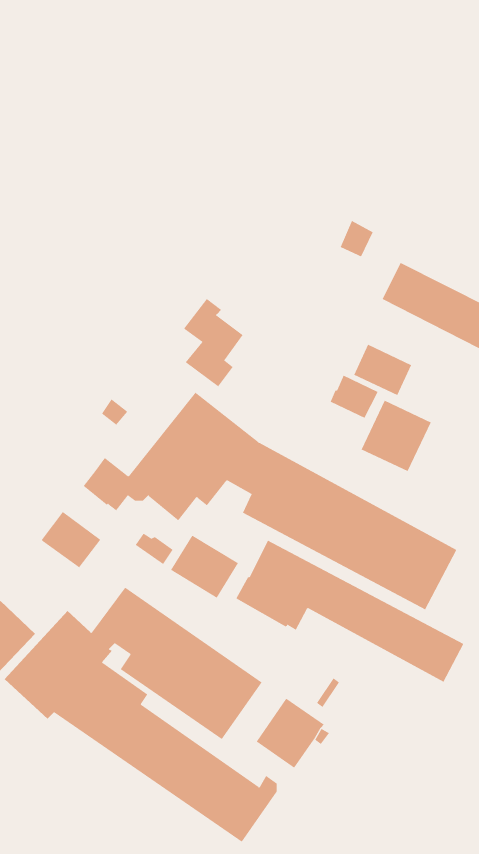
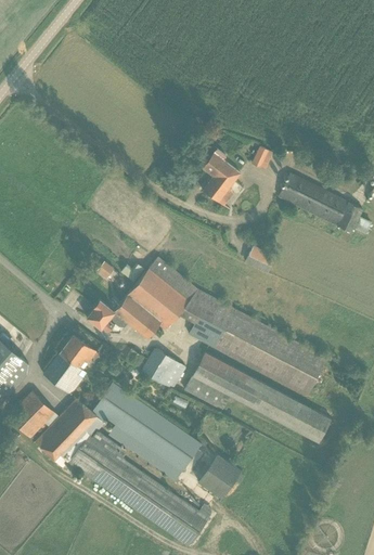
building: [183,298,244,387] -> [201,149,240,206]
building: [353,344,412,396] -> none
building: [361,400,432,472] -> none
building: none -> [42,352,87,392]

